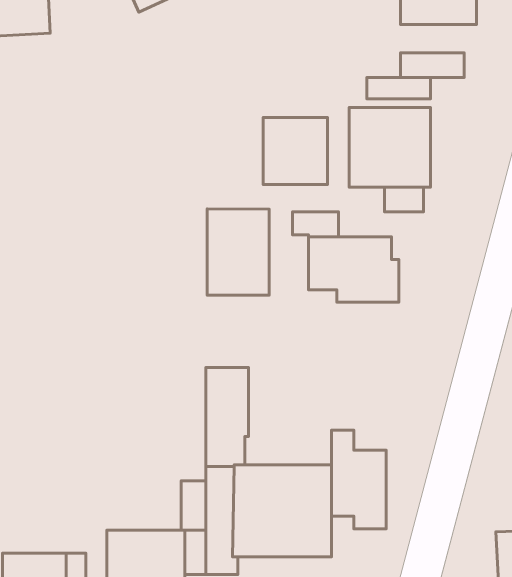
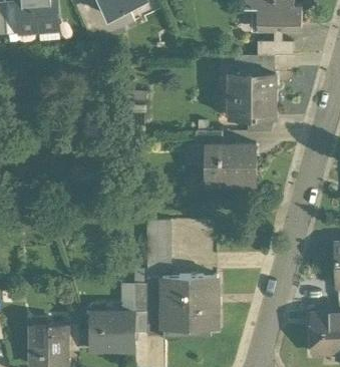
building: [263,118,328,184] -> none
building: [207,209,269,295] -> none
building: [331,430,386,529] -> none

